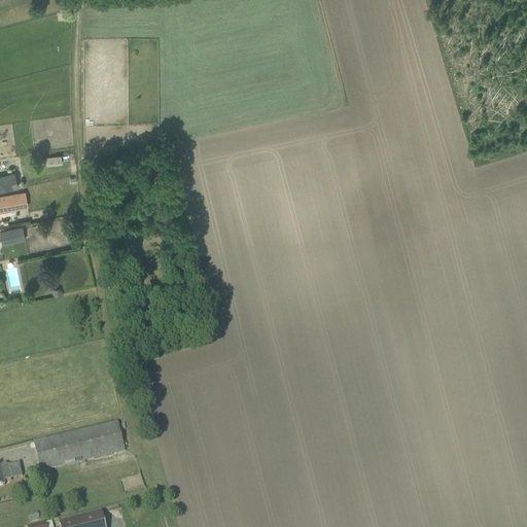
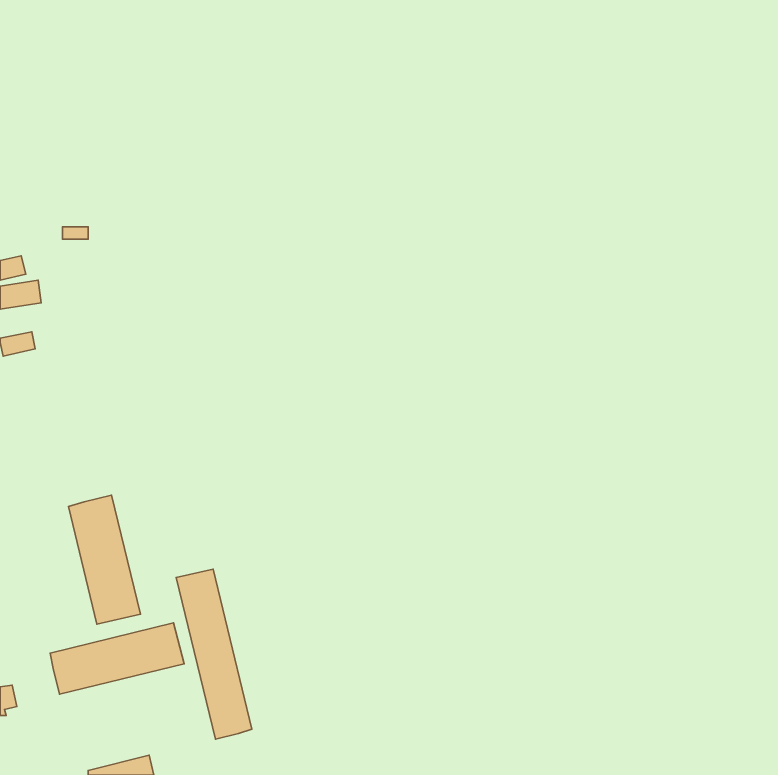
building: none -> [69,495,141,624]
building: none -> [176,569,252,739]

